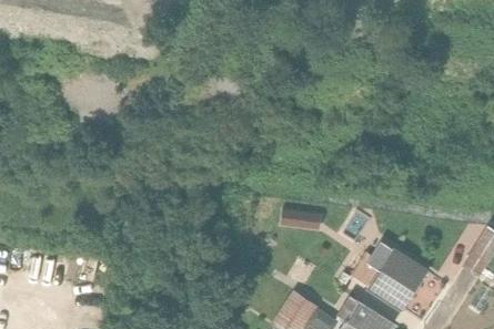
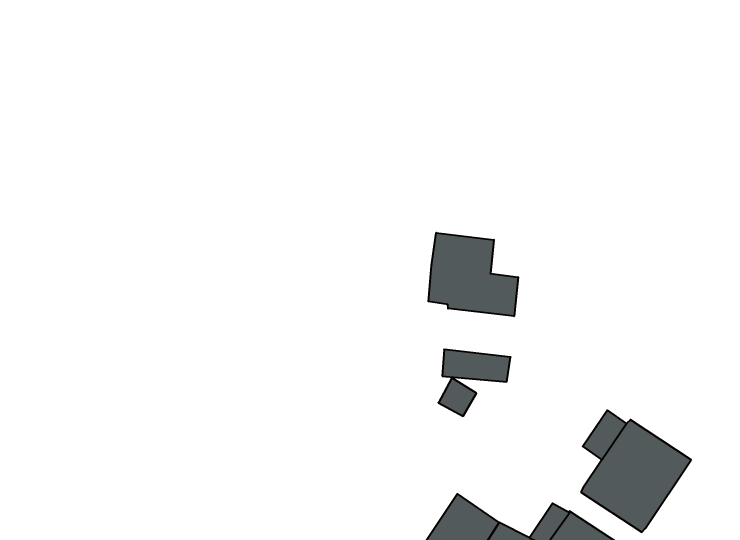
building: none -> [428,233,518,316]

